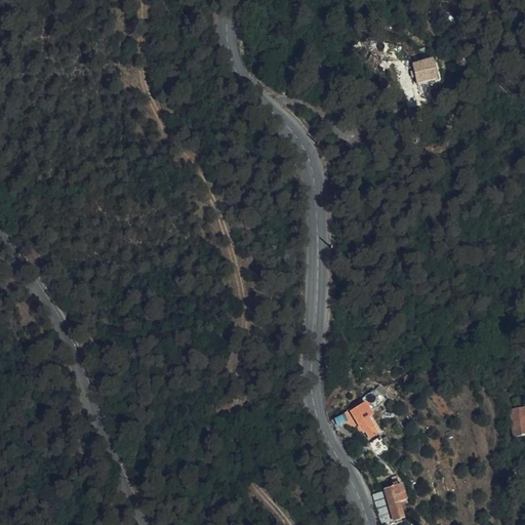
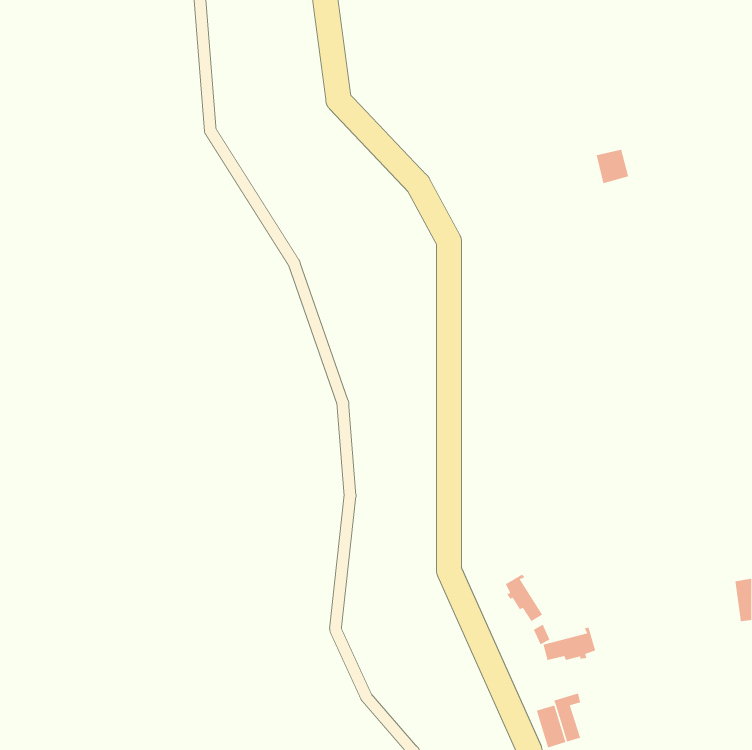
building: [415,60,439,85] -> [595,149,629,184]
building: none -> [543,627,596,661]

